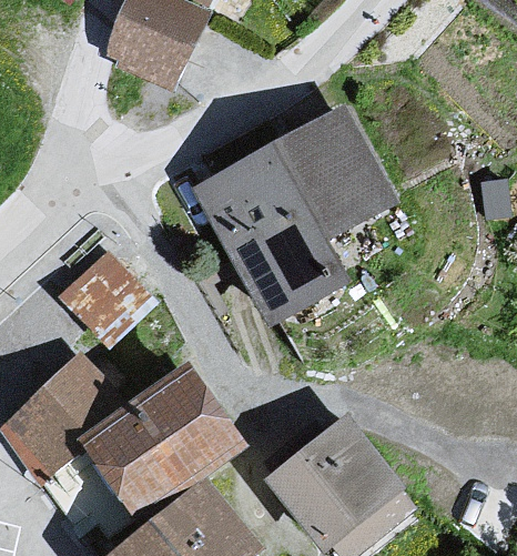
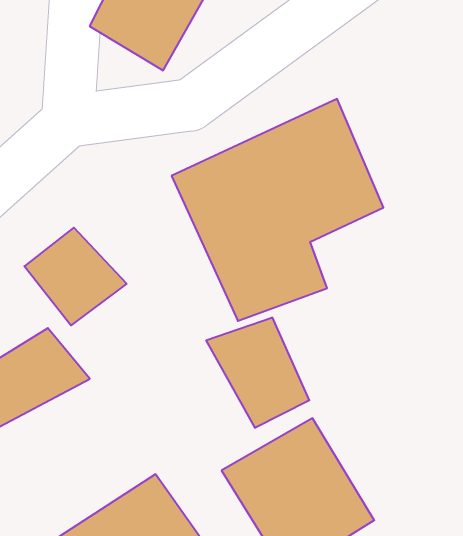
building: none -> [206,317,309,428]
building: [81,367,247,516] -> none

